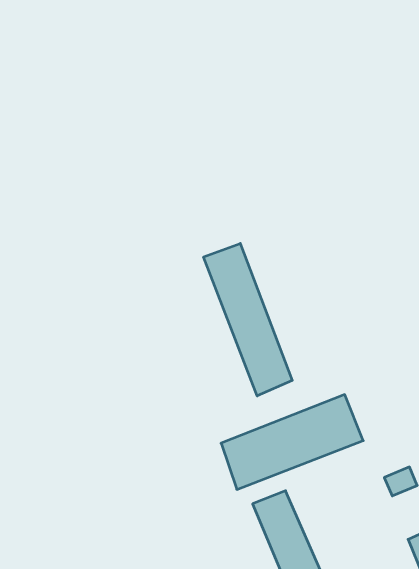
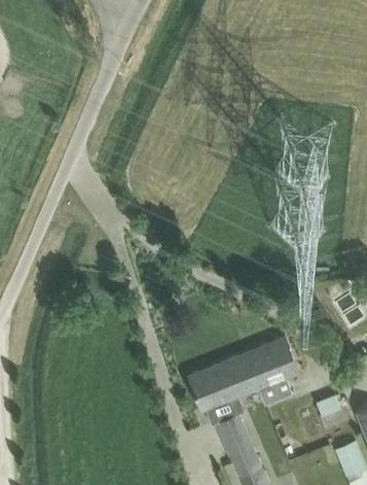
building: [204,243,292,396] -> none

